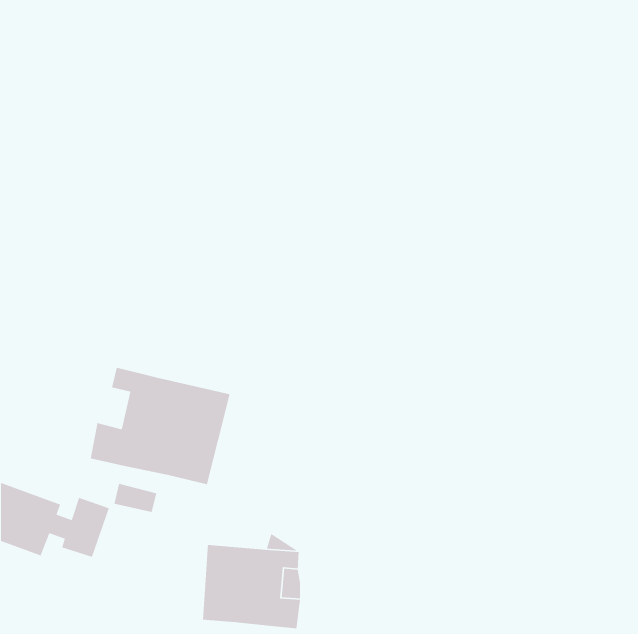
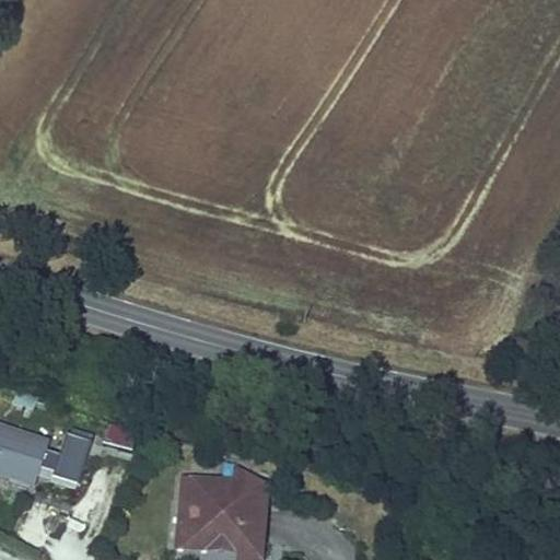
building: [90,367,230,485] -> none

